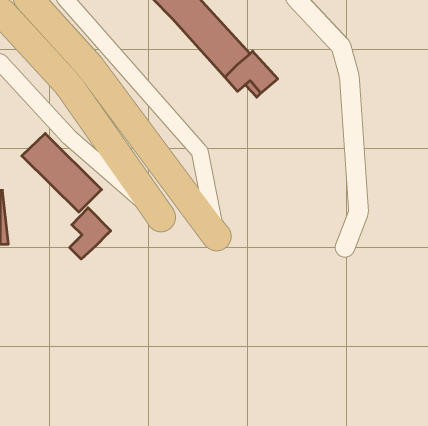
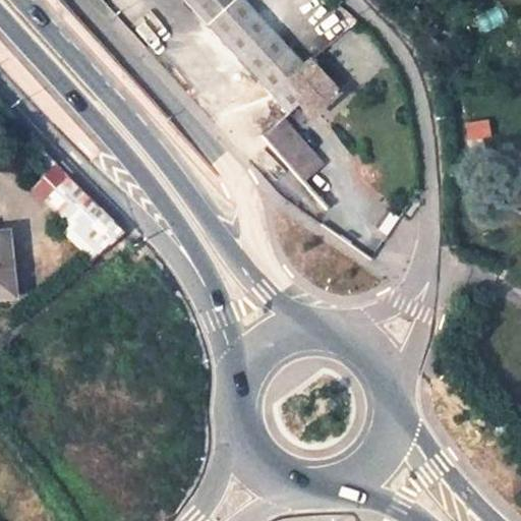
building: none -> [265,117,321,175]
building: [70,208,111,259] -> none

